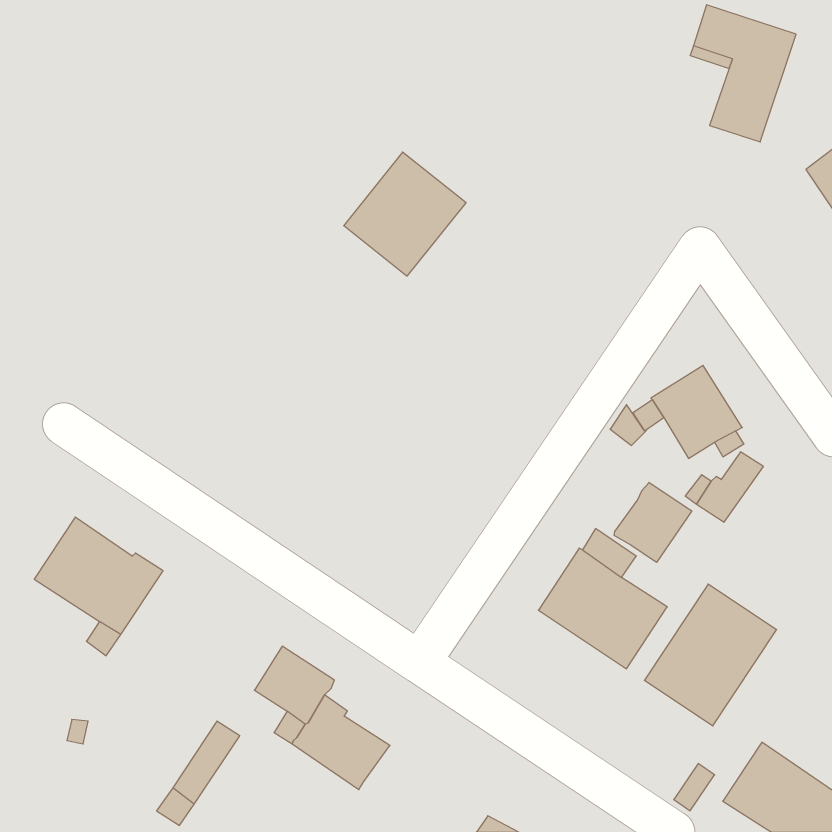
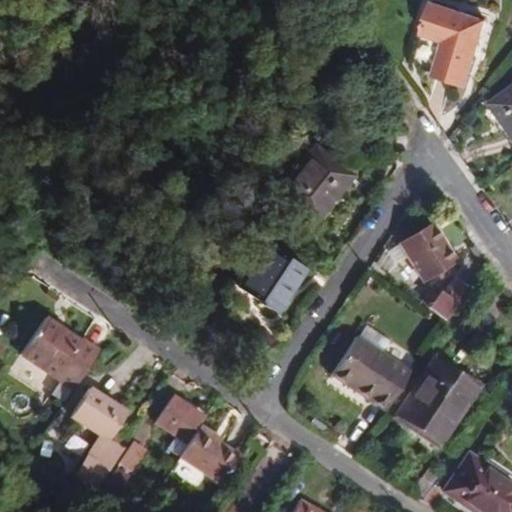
building: [344,152,466,276] -> [279,143,354,219]
building: none -> [238,241,307,311]
building: [614,482,692,562] -> none
building: none -> [72,388,128,487]

